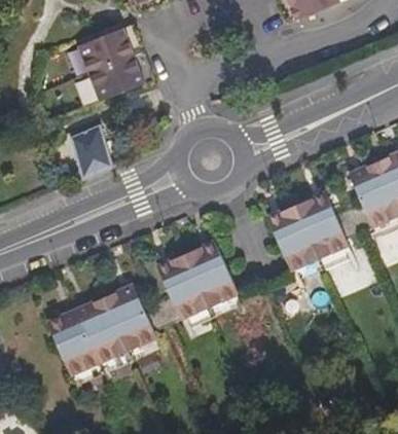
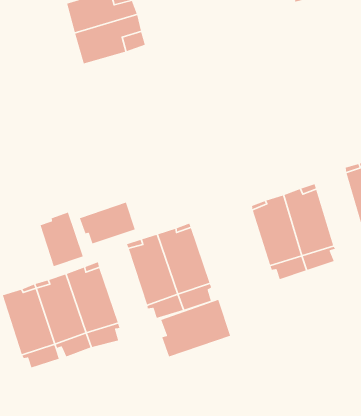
building: [68,121,114,173] -> none
building: none -> [79,201,136,244]
building: none -> [40,211,84,267]
building: none -> [160,299,231,358]

